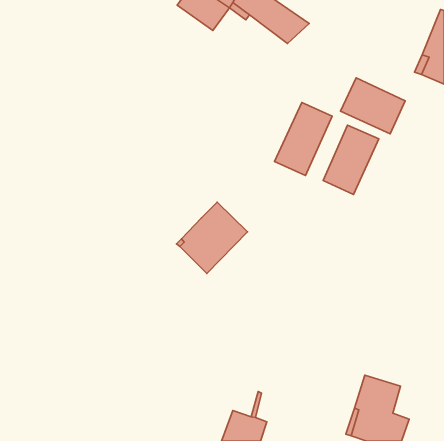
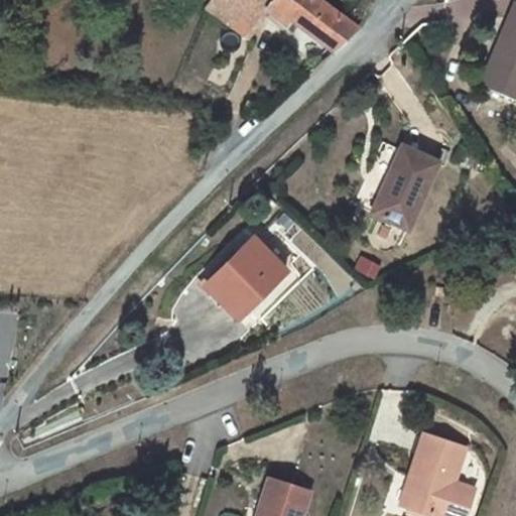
building: [341,78,405,134] -> none
building: [275,103,332,176] -> none

